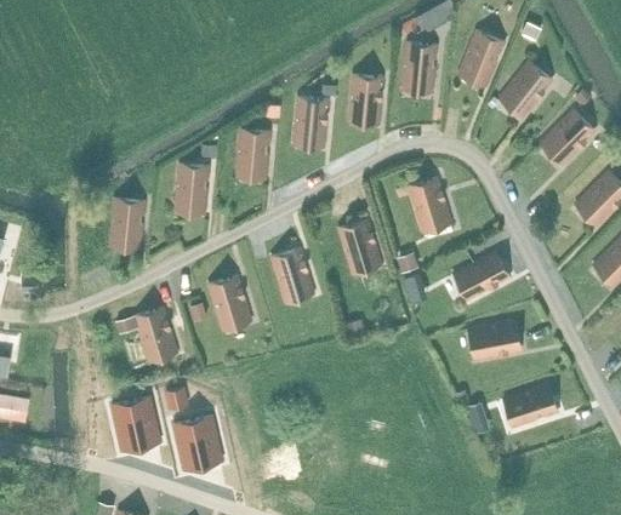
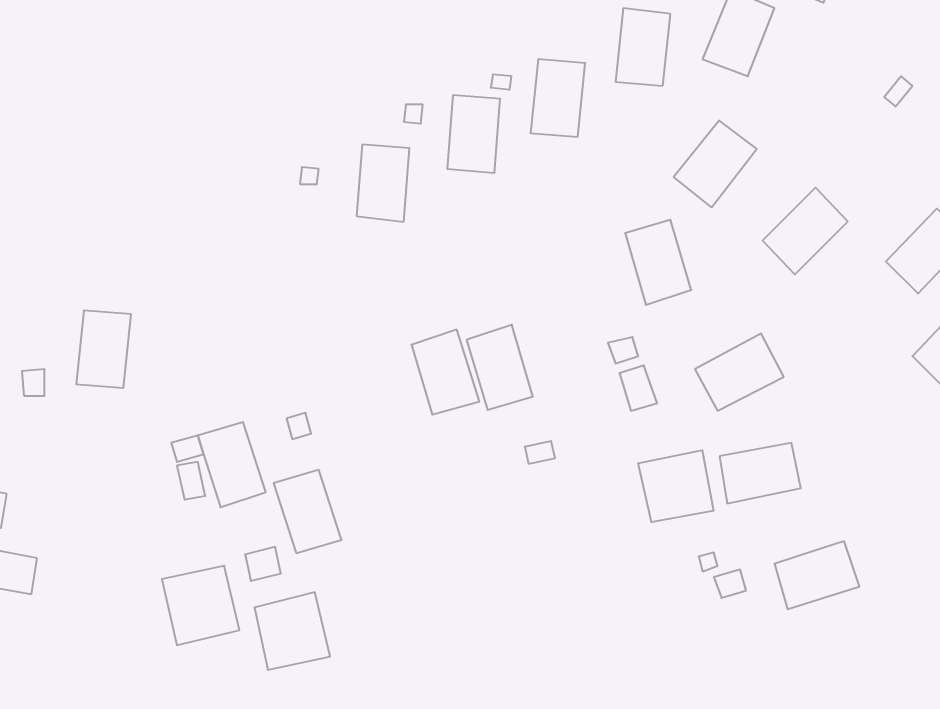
building: [498,62,552,118] -> [674,120,757,207]
building: [540,109,594,165] -> [763,188,848,274]
building: [173,164,209,213] -> none
building: [109,199,144,248] -> [76,310,131,388]
building: [338,219,381,274] -> [467,325,533,410]
building: [207,276,251,330] -> [274,470,342,553]
building: none -> [638,450,714,522]

